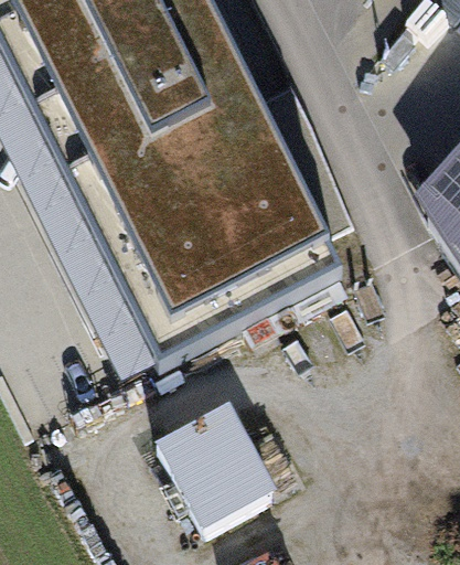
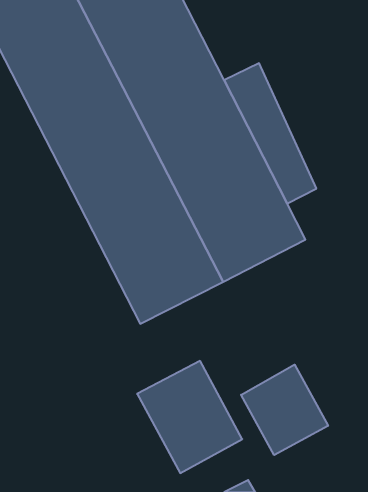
building: none -> [241,365,328,455]

